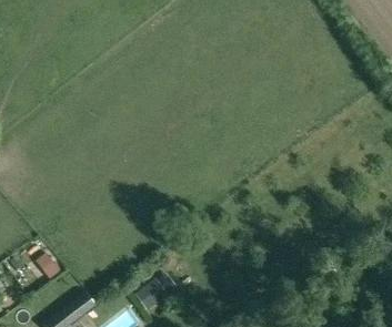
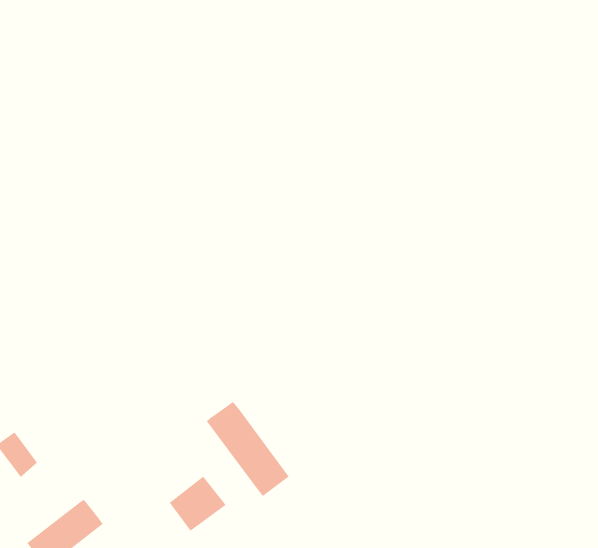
building: none -> [206,401,289,497]

